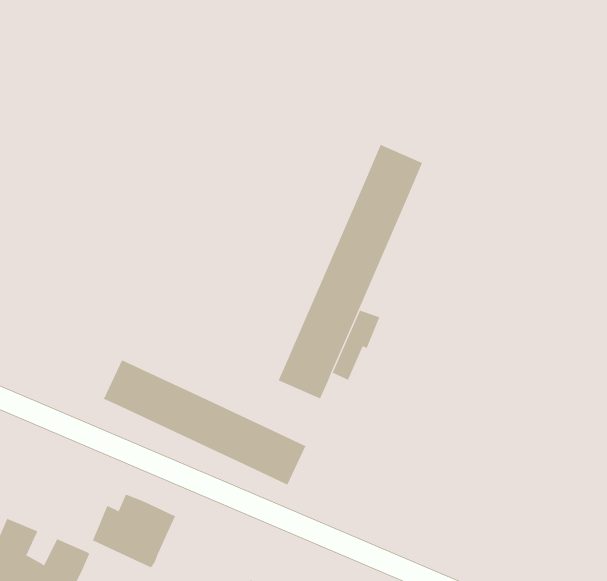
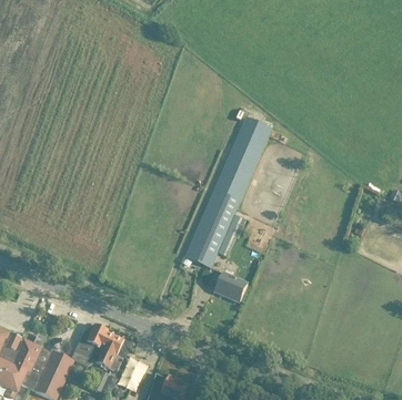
building: [103,359,306,486] -> none
building: none -> [214,266,247,301]

